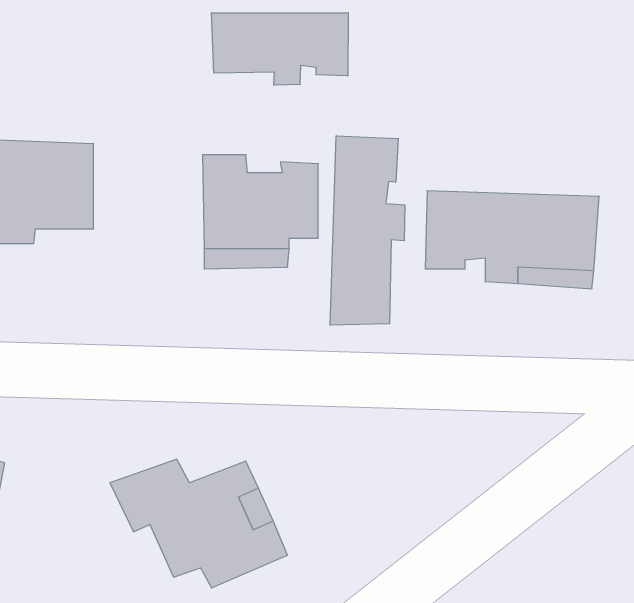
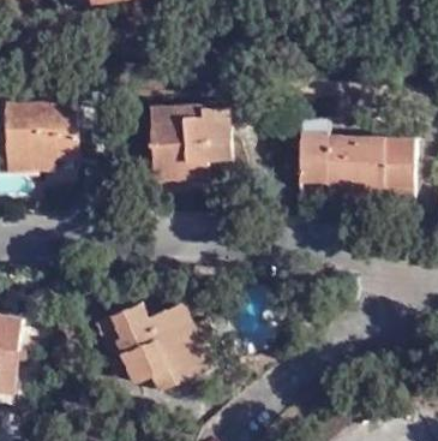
building: [211,13,348,85] -> none
building: [330,136,405,325] -> none

